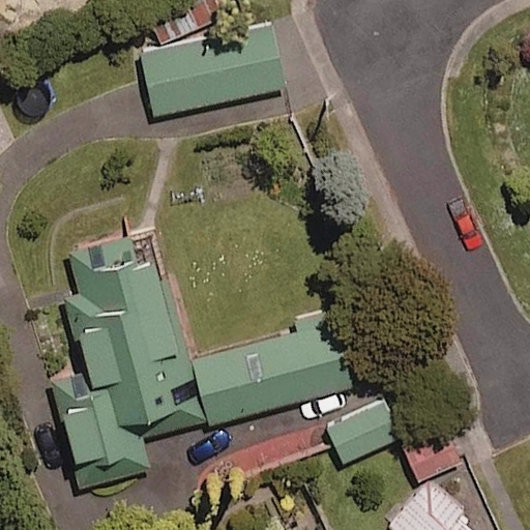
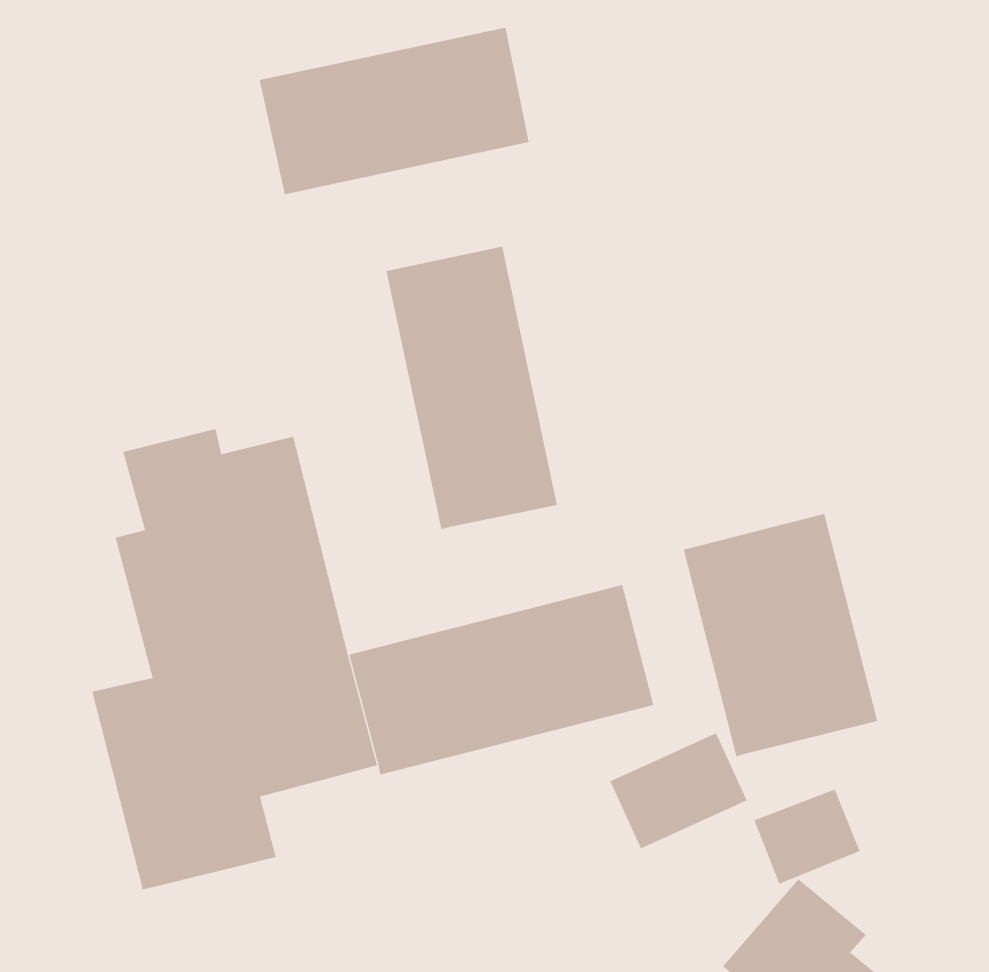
building: none -> [386,246,558,530]
building: none -> [683,513,878,757]

